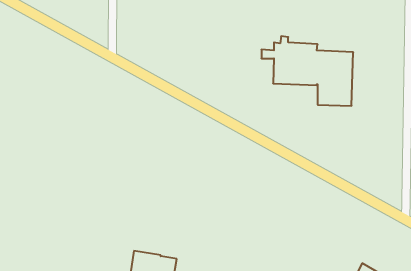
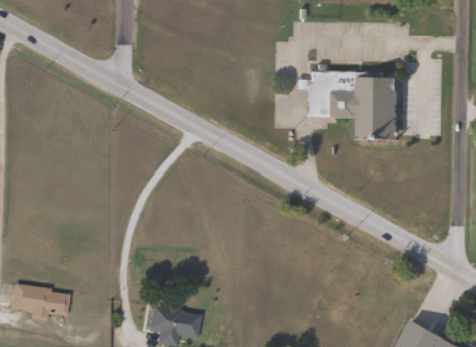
building: none -> [10,283,68,320]

